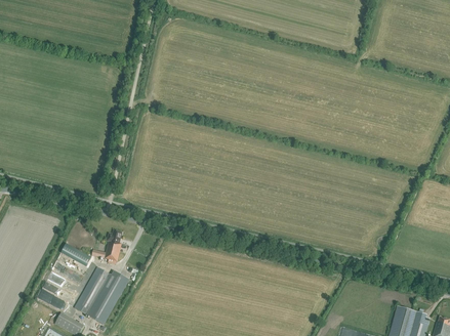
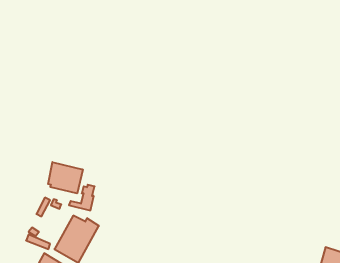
building: none -> [48,162,83,193]

